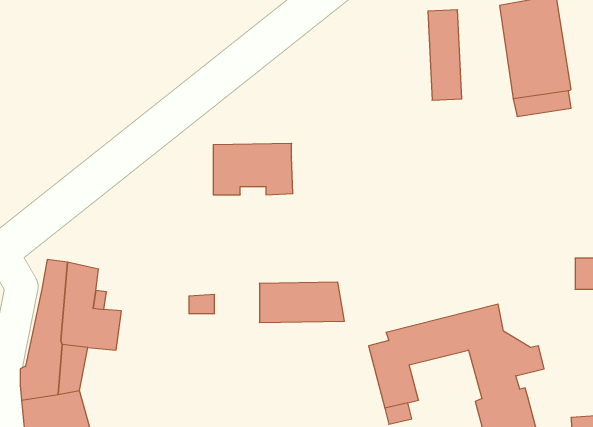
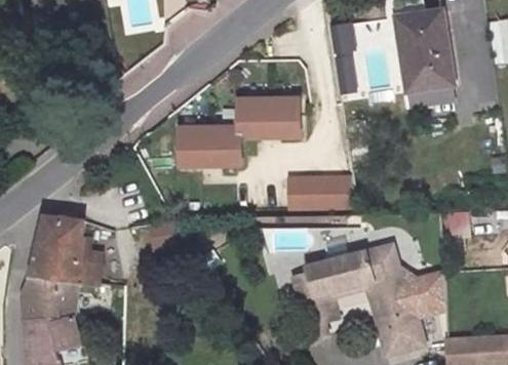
building: none -> [236,96,297,135]
building: [259,282,344,323] -> [285,180,350,211]
building: none -> [406,274,446,318]

